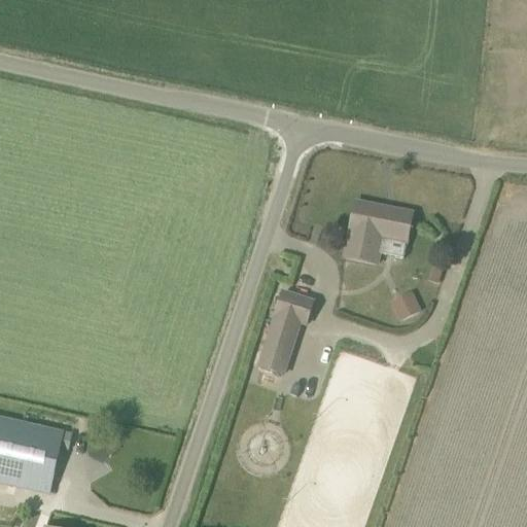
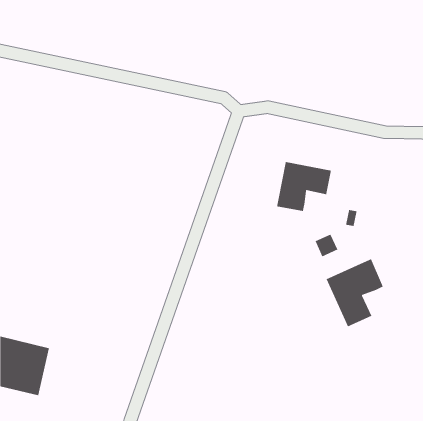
building: [258,290,314,375] -> none
building: none -> [326,258,384,328]

